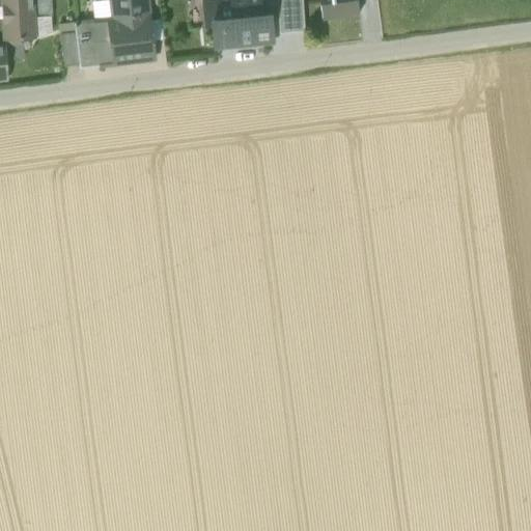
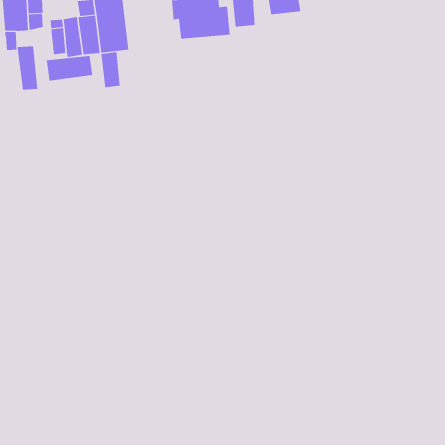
building: none -> [17,45,38,90]
building: none -> [101,51,120,88]
building: none -> [46,55,93,81]

